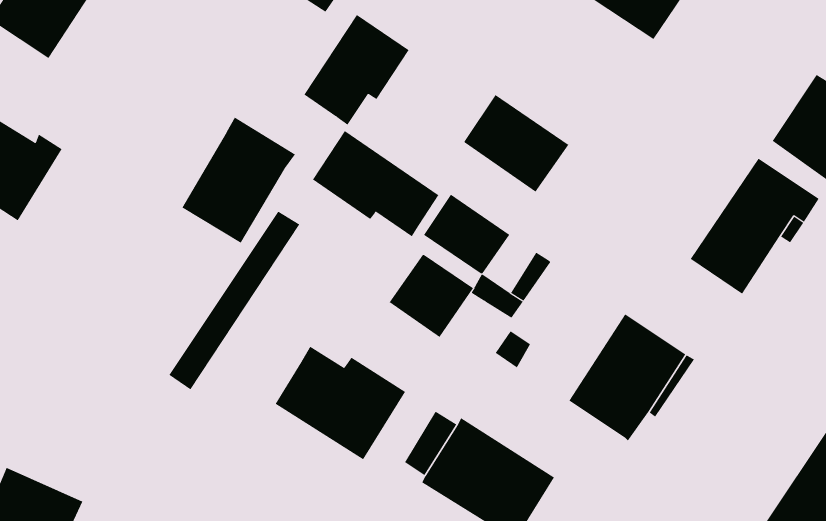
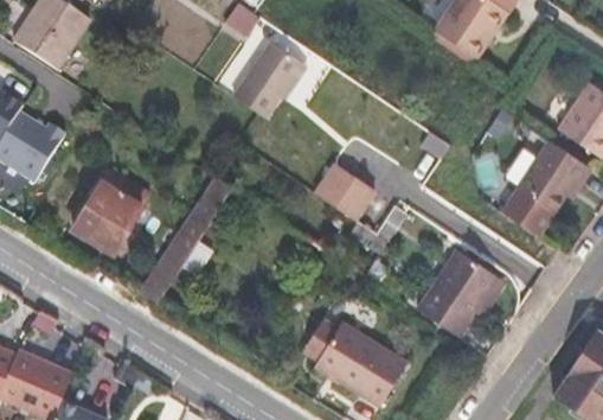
building: [464,94,569,192] -> none
building: [181,117,296,243] -> [71,166,150,254]
building: [312,130,439,237] -> none
building: [389,254,474,338] -> none
building: [275,346,406,460] -> none

